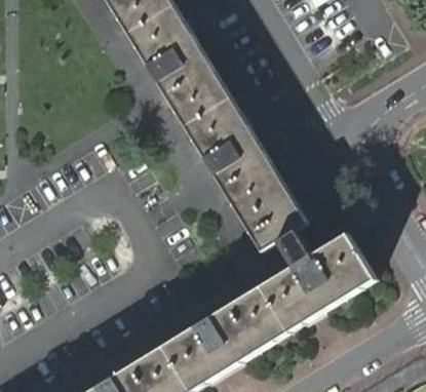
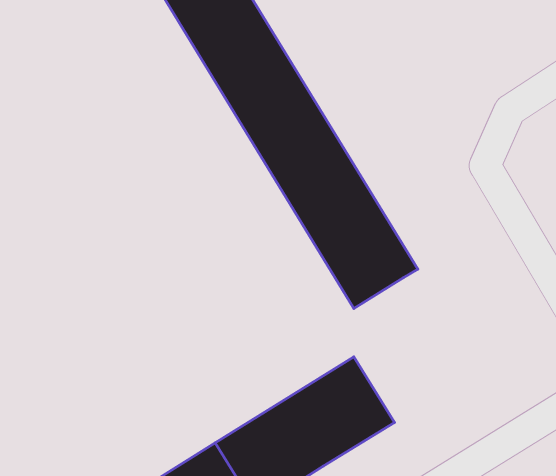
building: [260,228,374,329] -> none

